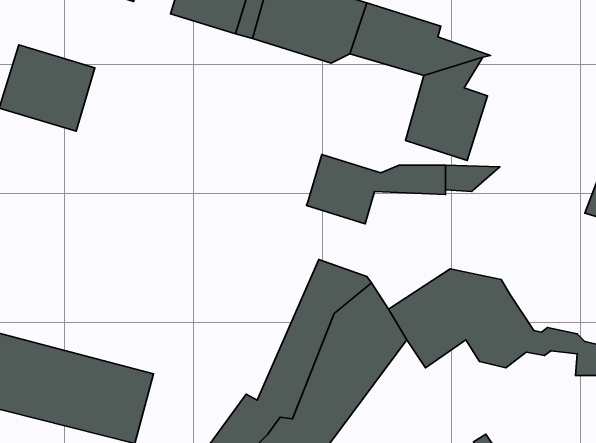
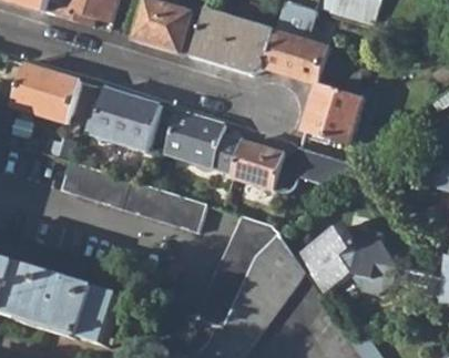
building: none -> [92,85,162,150]
building: none -> [169,108,243,172]
building: none -> [59,161,207,229]

